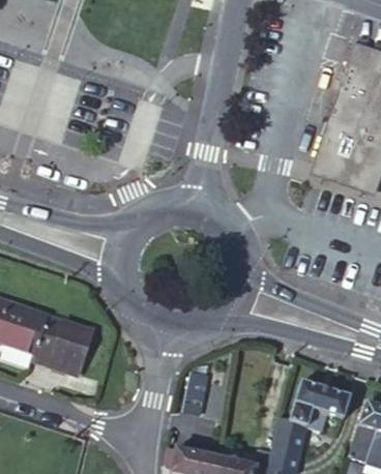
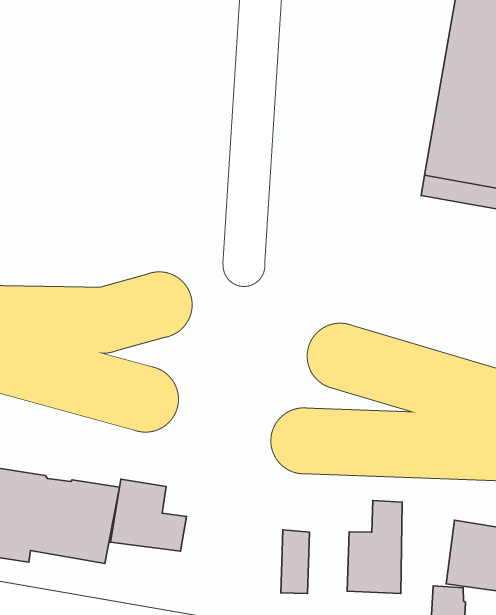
building: none -> [110,479,187,551]
building: none -> [347,501,402,594]

